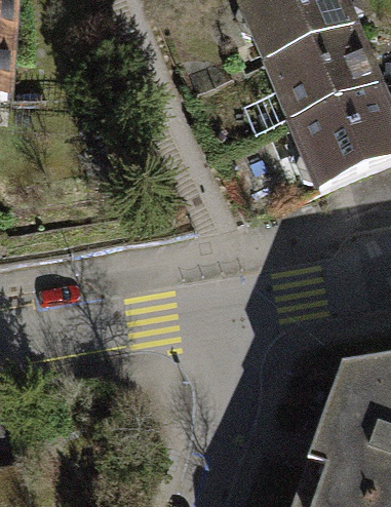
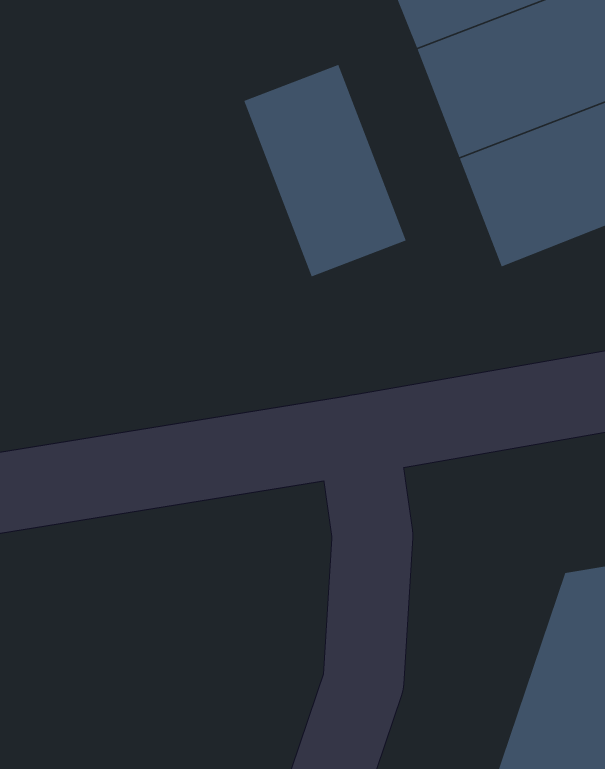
building: none -> [243,64,407,277]

